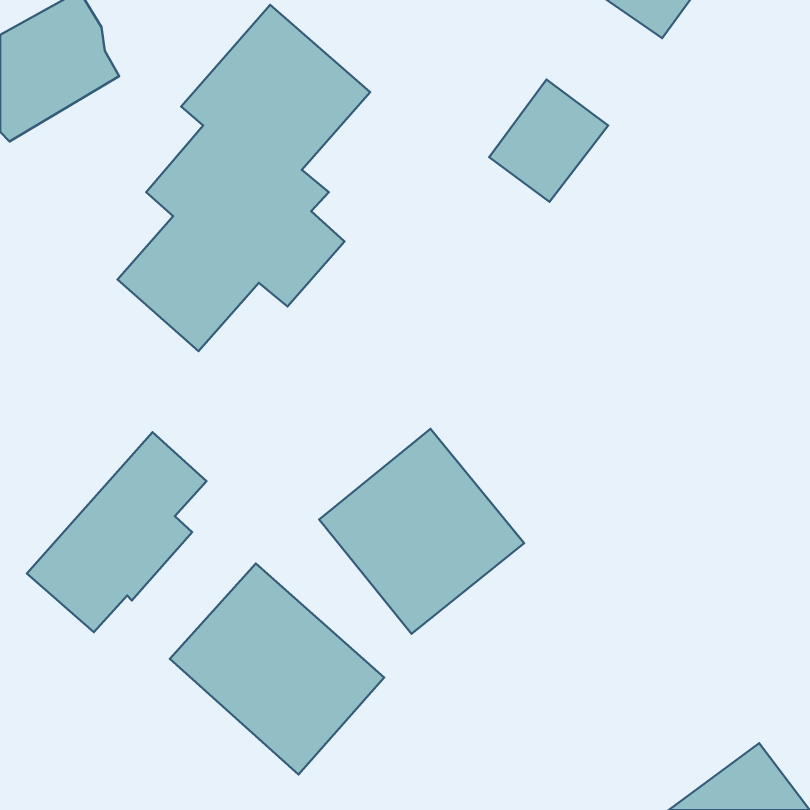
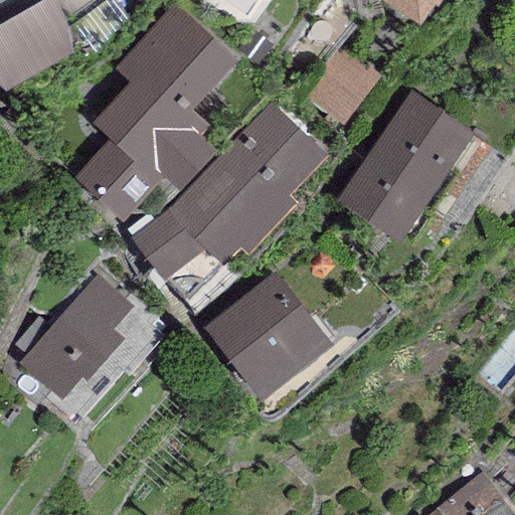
building: none -> [337,90,475,241]
building: none -> [132,101,328,283]
building: [170,563,384,774] -> none

